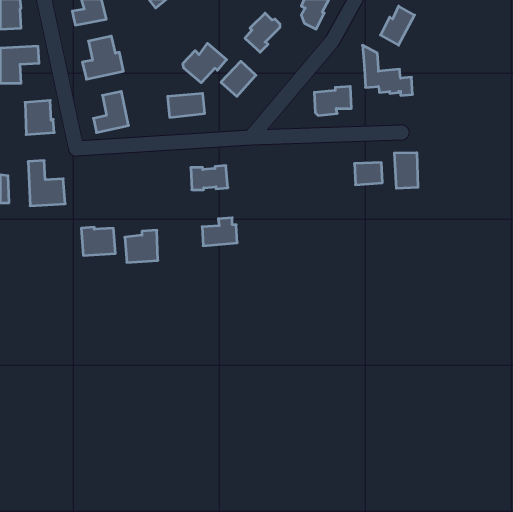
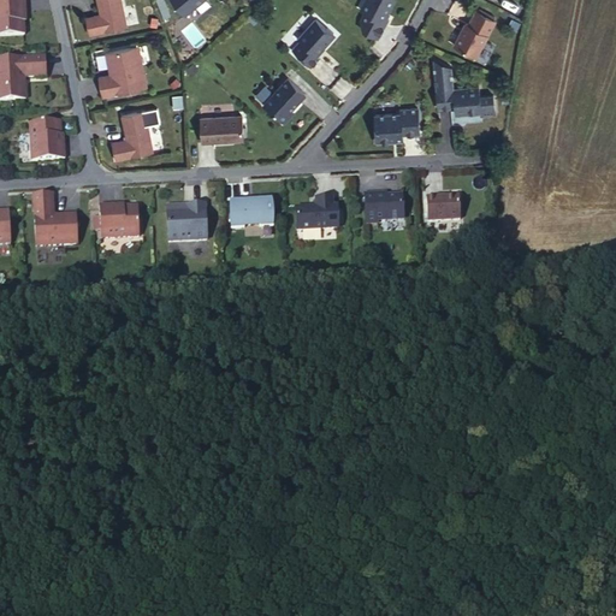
building: [183,43,227,83] -> none
building: [394,153,418,188] -> none
building: none -> [362,191,402,223]
building: [202,218,237,246] -> [295,196,337,230]
building: [81,227,115,255] -> [99,205,140,238]
building: [125,230,158,262] -> [166,203,206,242]

